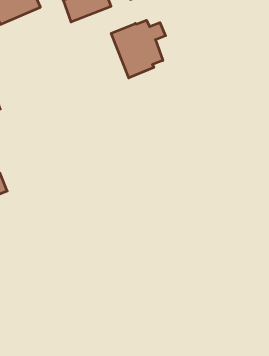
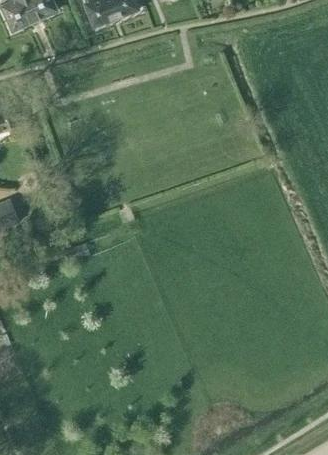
building: [111,20,166,78] -> none

